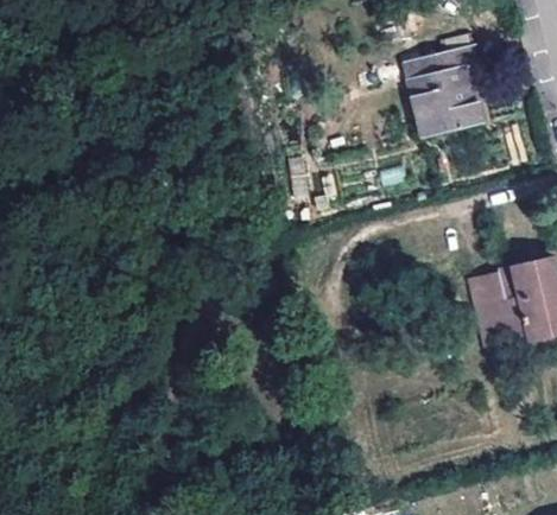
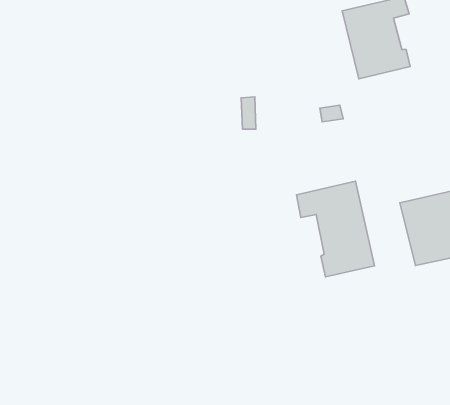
building: none -> [297,181,374,277]

